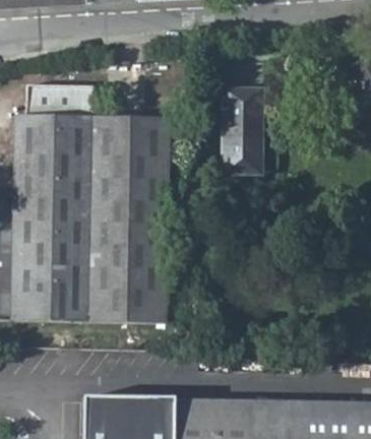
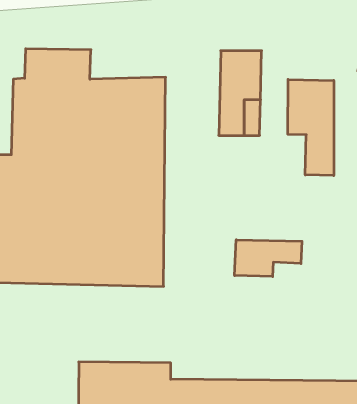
building: none -> [288,79,334,176]
building: none -> [235,240,302,277]

